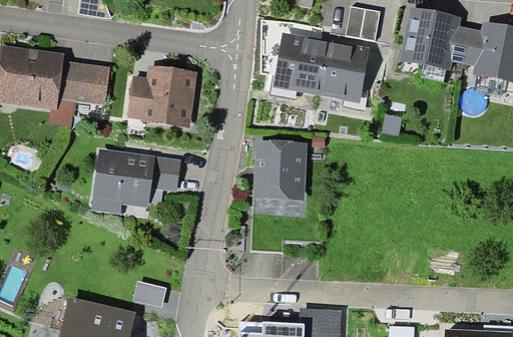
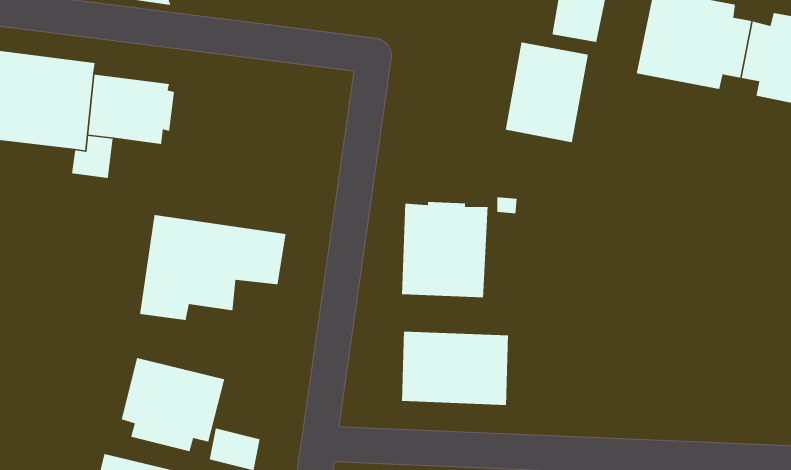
building: [273,32,327,95] -> none
building: [125,64,197,127] -> none
building: none -> [401,331,509,406]
building: none -> [121,357,225,452]

